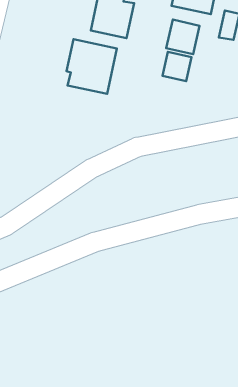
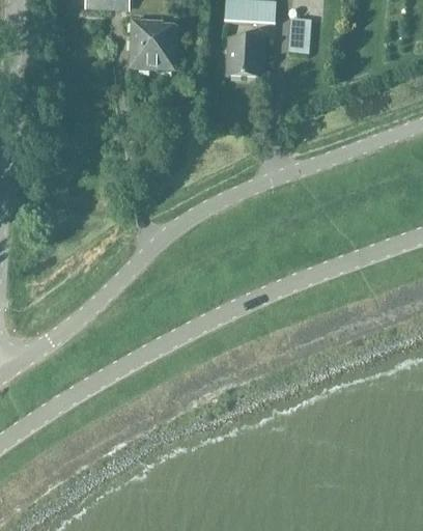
building: [66,39,117,94] -> none
building: [162,52,192,81] -> none

